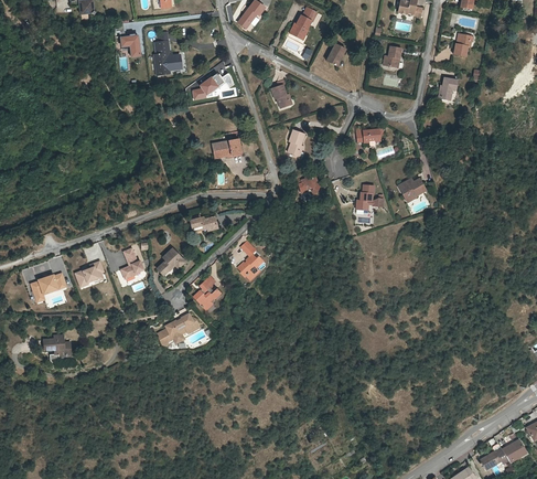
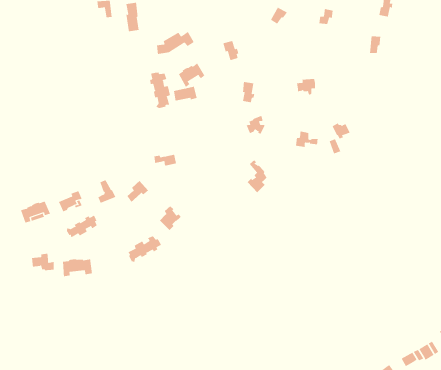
building: none -> [178,63,205,88]
building: none -> [149,72,171,109]
building: [239,240,264,279] -> [247,160,267,193]
building: none -> [66,215,97,238]
building: none -> [63,258,92,277]

